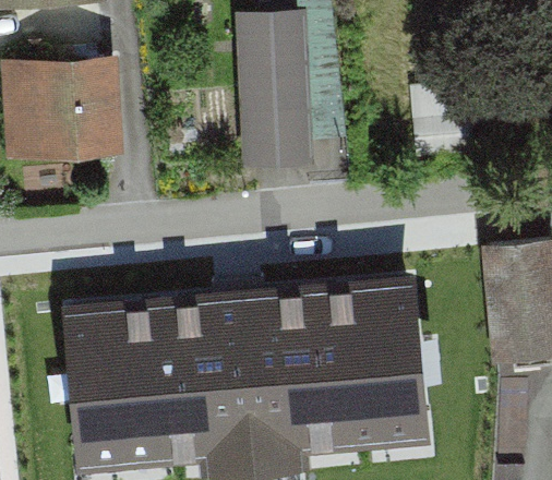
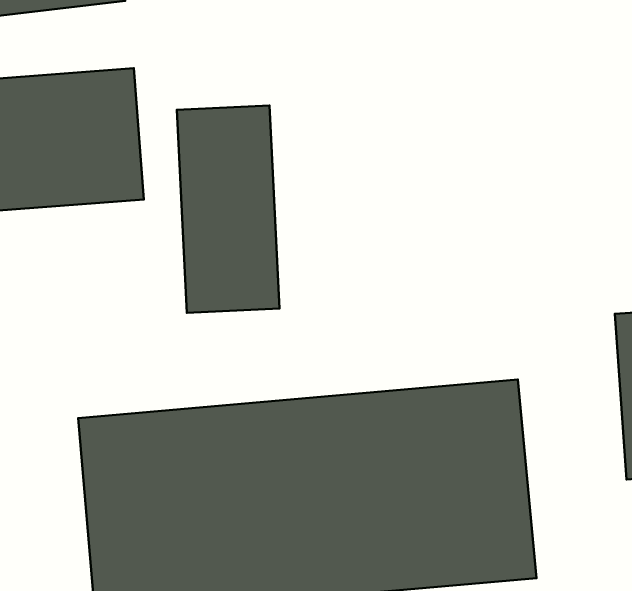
building: [235,9,313,167] -> [177,106,280,313]

